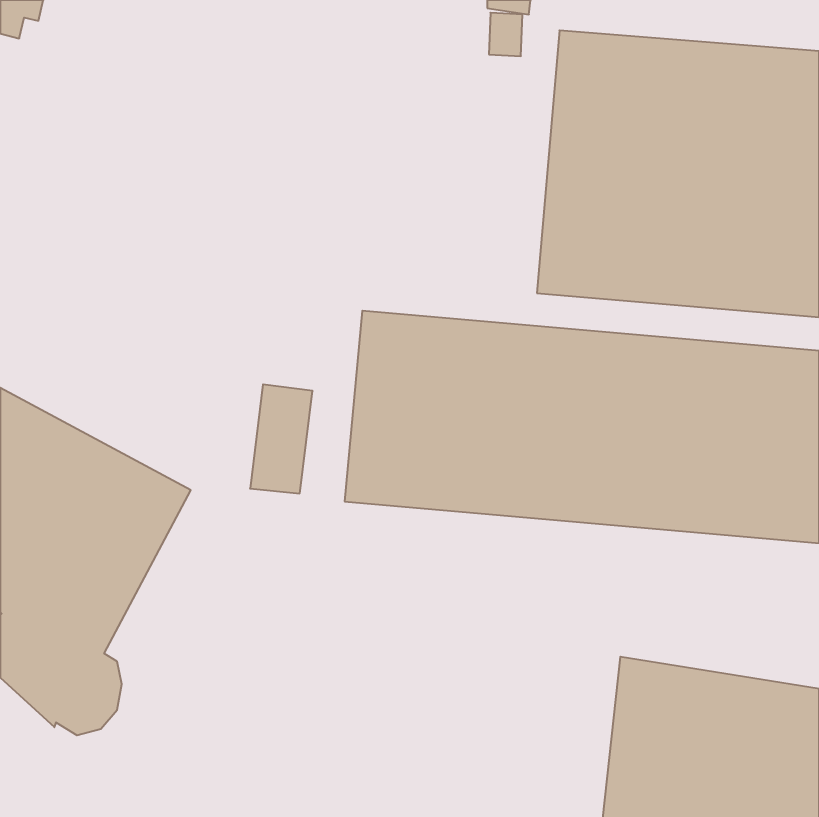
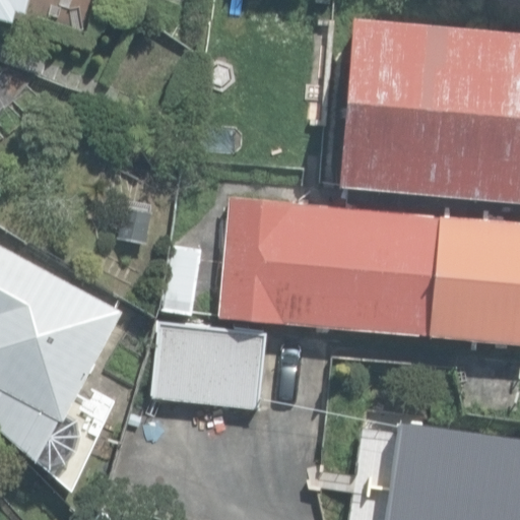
building: none -> [150,323,264,408]

